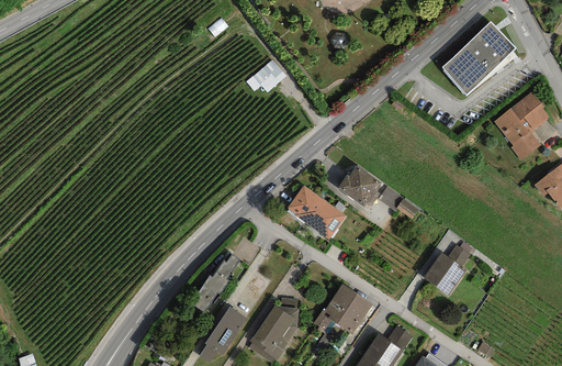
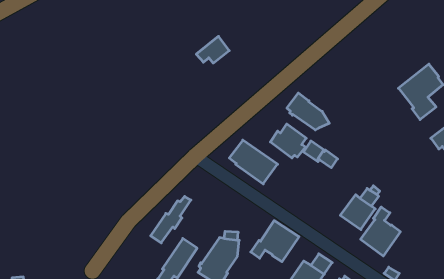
building: [441,21,515,93] -> none
building: none -> [287,93,329,130]
building: none -> [361,207,400,256]

